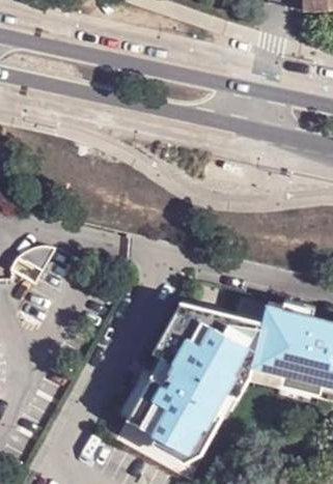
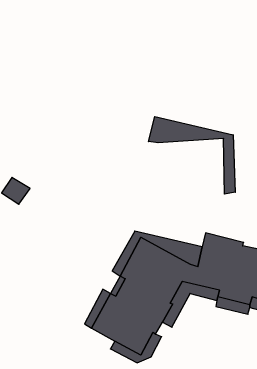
building: none -> [149,117,235,194]

